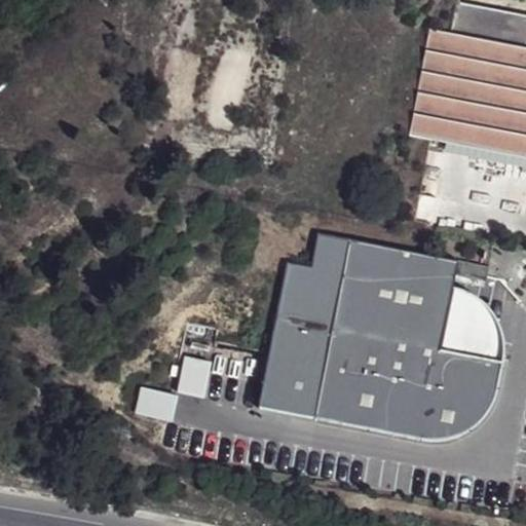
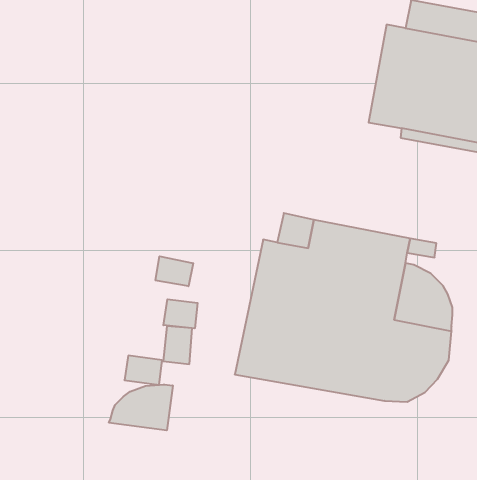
building: none -> [156,256,193,286]
building: none -> [163,299,198,328]
building: none -> [109,384,173,430]

